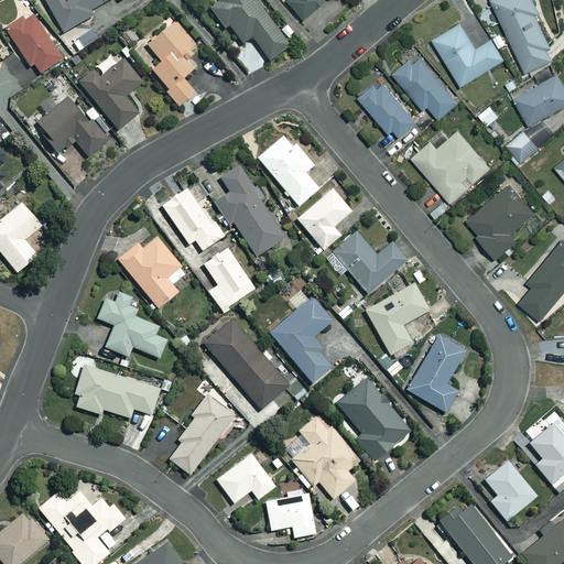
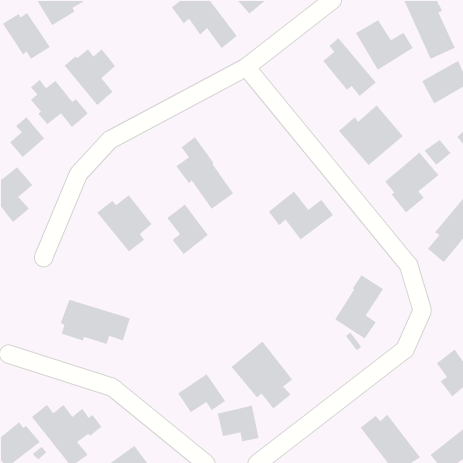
building: [148,21,196,107] -> none
building: [359,78,417,137] -> none
building: [506,129,540,162] -> [423,139,452,166]
building: [258,137,318,206] -> none
building: none -> [9,116,45,158]
building: [163,188,224,251] -> none
building: [297,188,352,250] -> none
building: [366,284,430,355] -> none
building: [97,293,167,357] -> none
building: [270,297,333,383] -> none
building: [204,319,289,411] -> none
building: [337,376,413,460] -> none
building: [169,389,237,475] -> none
building: [484,460,536,521] -> none

